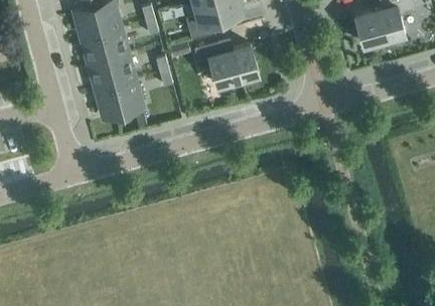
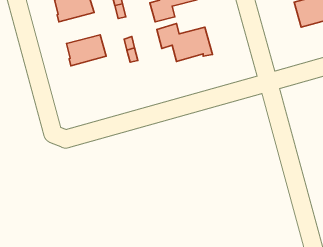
building: [81,30,129,66] -> none
building: [95,82,143,119] -> none

